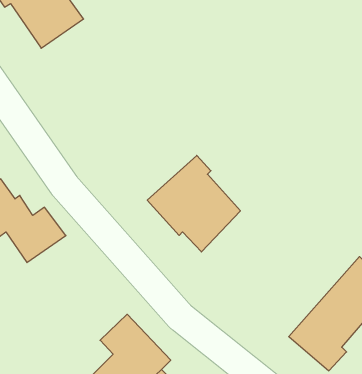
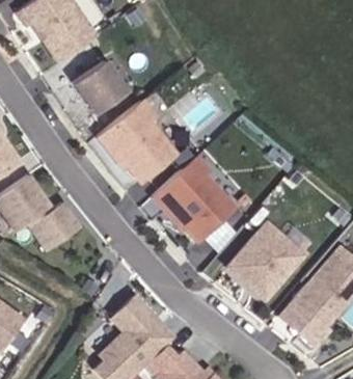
building: none -> [73,59,128,114]
building: none -> [98,101,175,182]
building: none -> [226,222,303,300]

